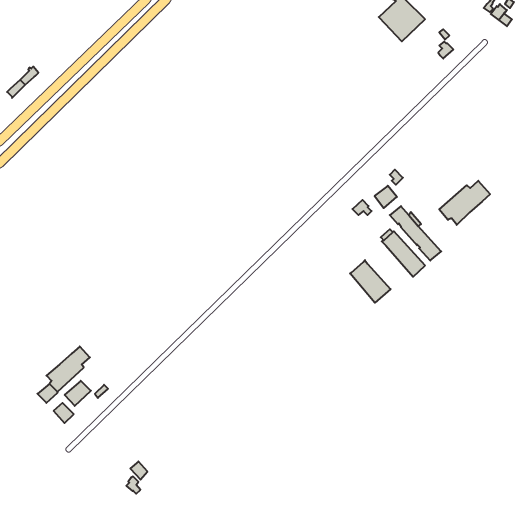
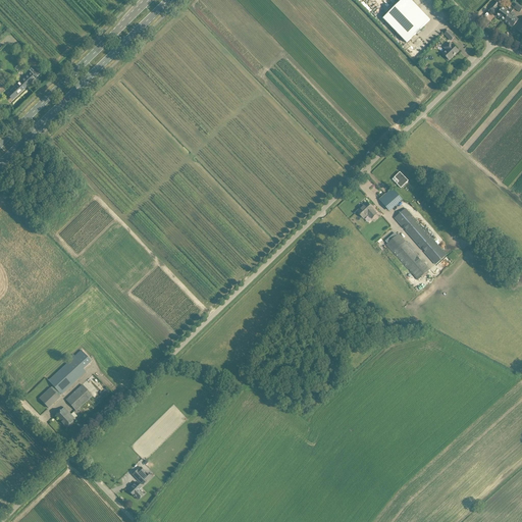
building: [439,181,490,225] -> none
building: [350,260,391,303] -> none

